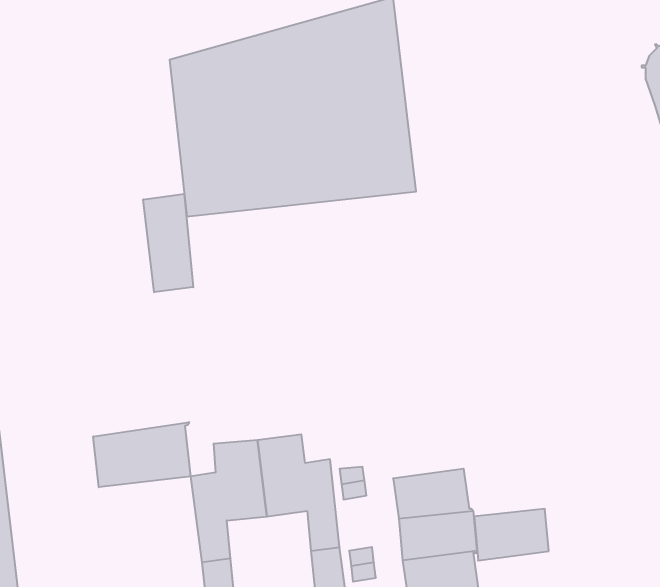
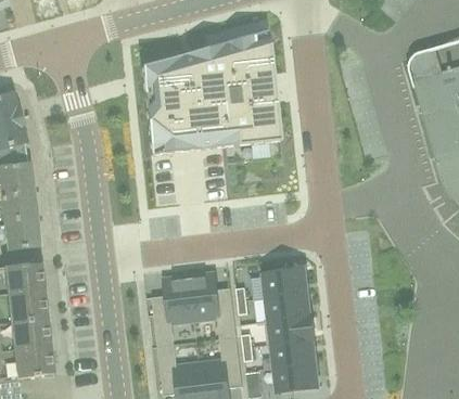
building: [143,194,193,292] -> none
building: [93,422,191,487] -> none
building: [474,509,549,561] -> [264,270,306,299]

